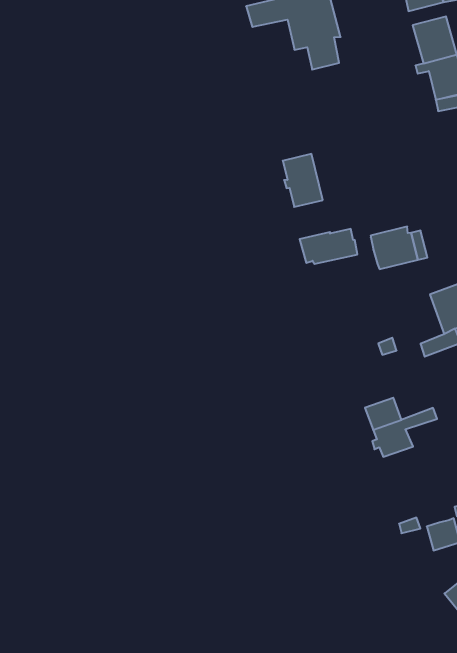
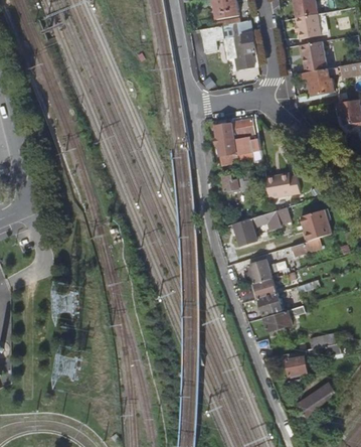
building: none -> [231,119,259,154]
building: none -> [231,206,289,245]
building: none -> [244,259,277,283]
building: none -> [262,305,302,331]

